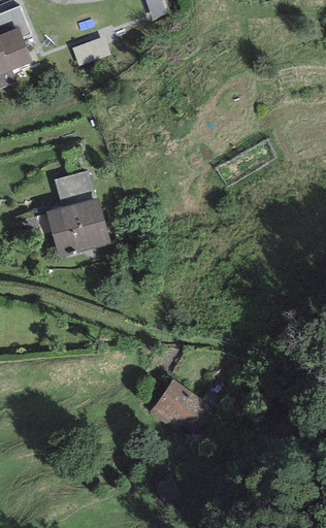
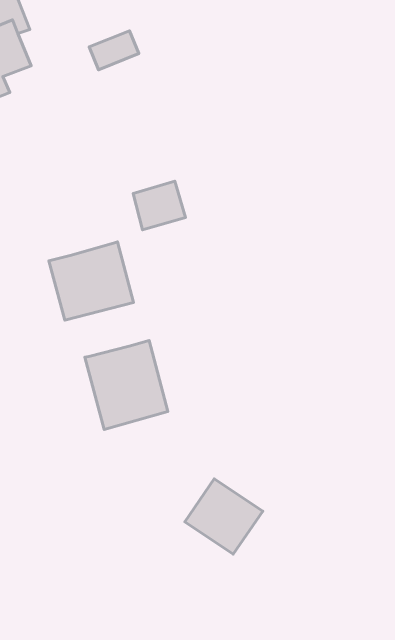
building: [54,170,94,207] -> [133,181,186,230]
building: none -> [85,341,168,429]

